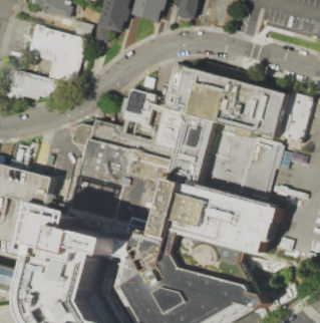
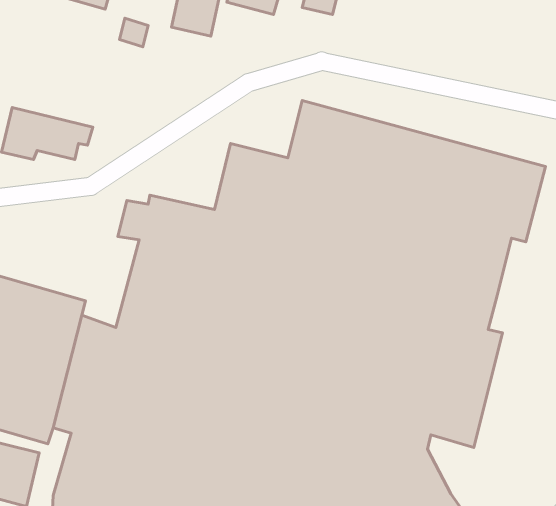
building: [26,26,84,82] -> none

